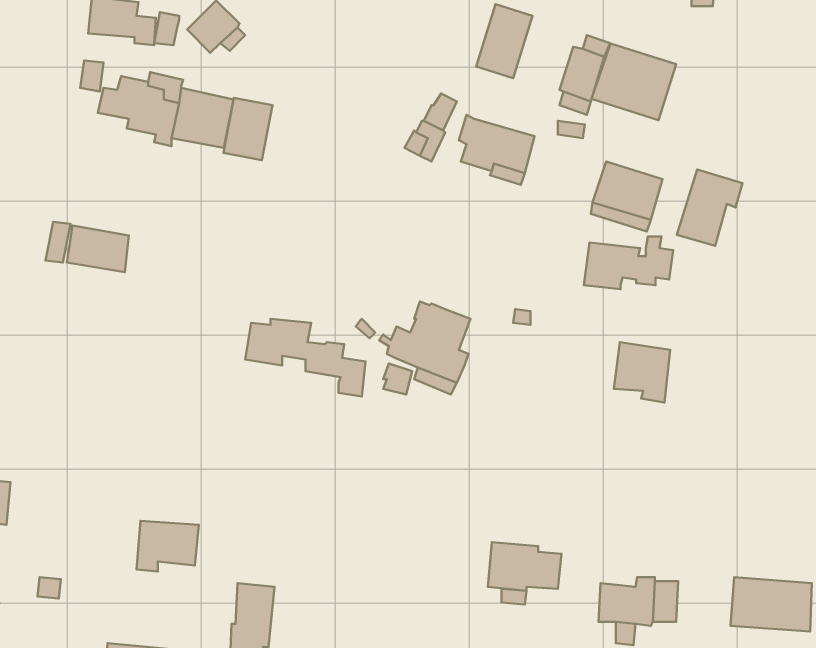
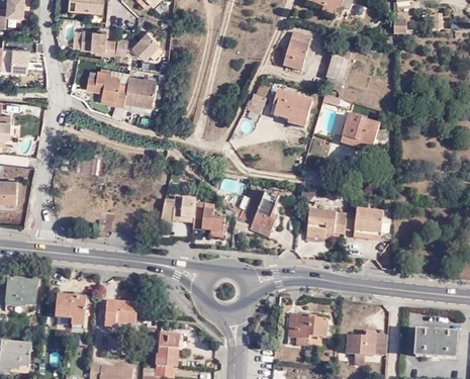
building: [592,43,676,120] -> none
building: [223,98,272,160] -> none
building: [677,170,743,246] -> none
building: [584,237,673,289] -> [307,208,354,235]
building: none -> [57,294,87,324]

